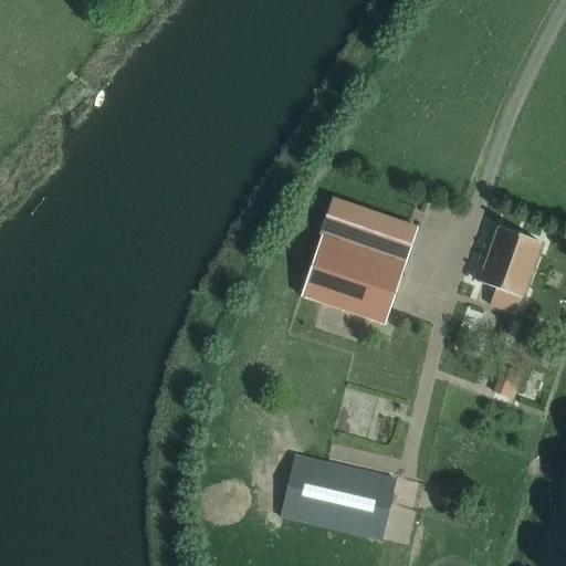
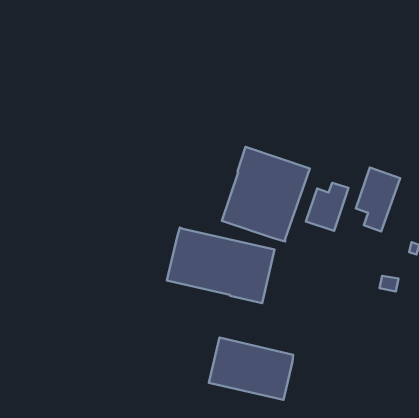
building: none -> [306,183,348,231]
building: none -> [167,228,275,303]

